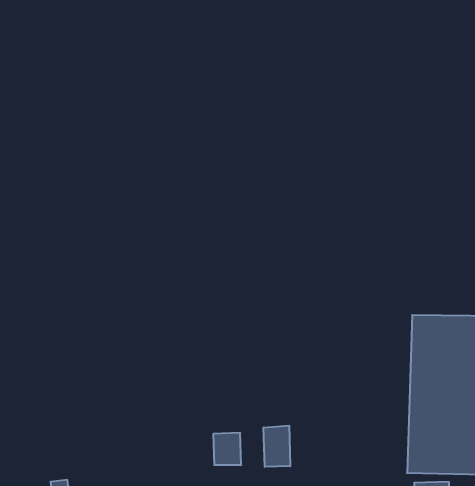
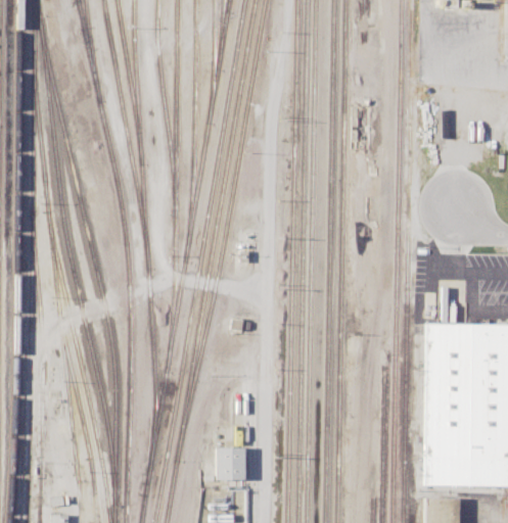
building: [264,426,290,467] -> none

